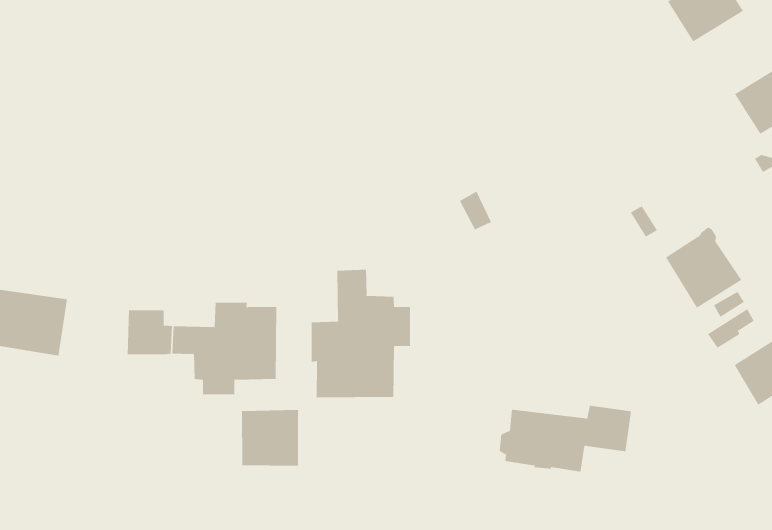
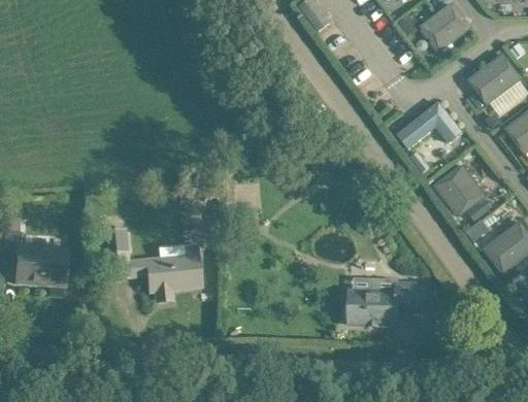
building: none -> [397,101,461,147]
building: [311,269,411,398] -> none
building: [241,409,299,466] -> none

